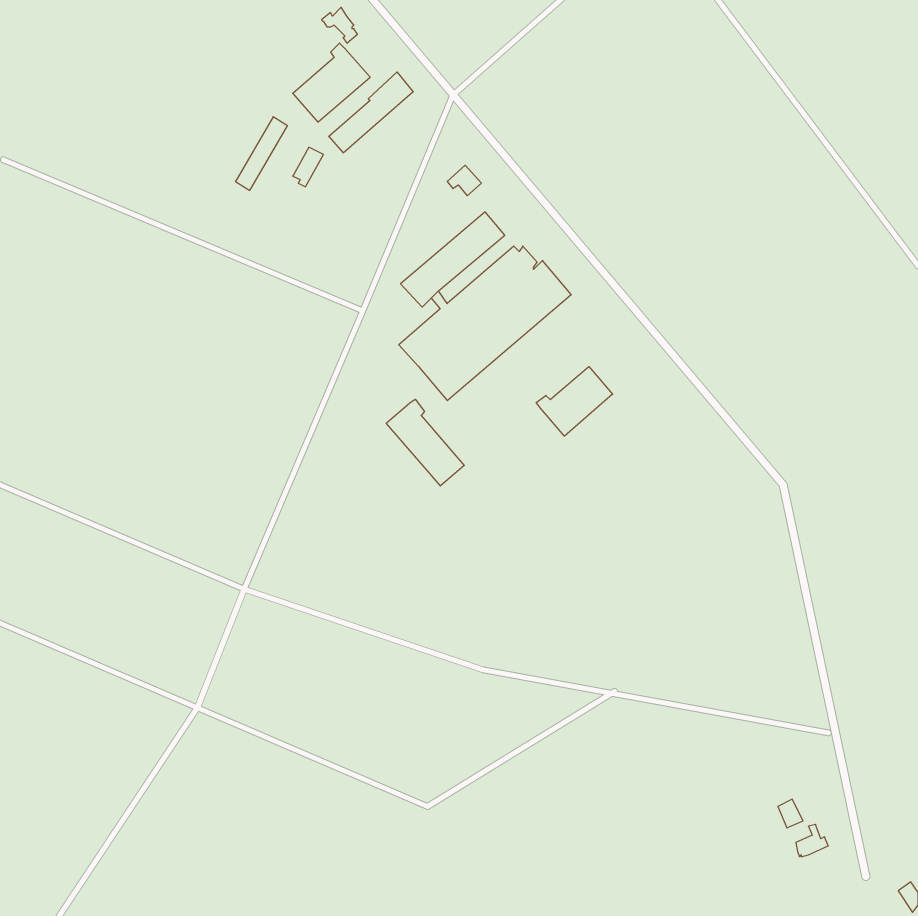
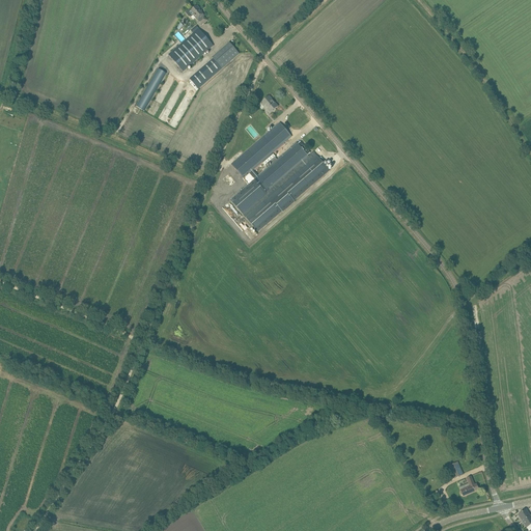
building: [536,367,613,436] -> none
building: [386,399,464,486] -> none

